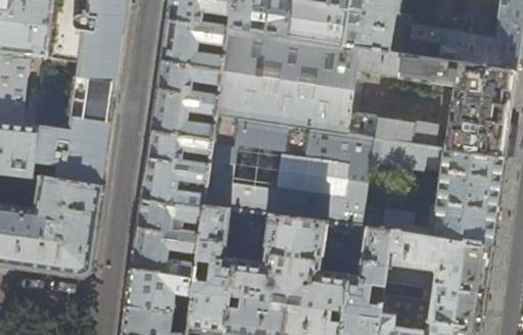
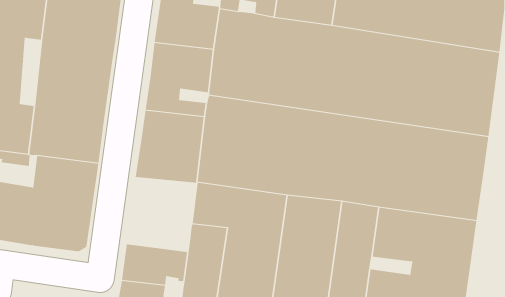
building: [130,201,202,278] -> none

